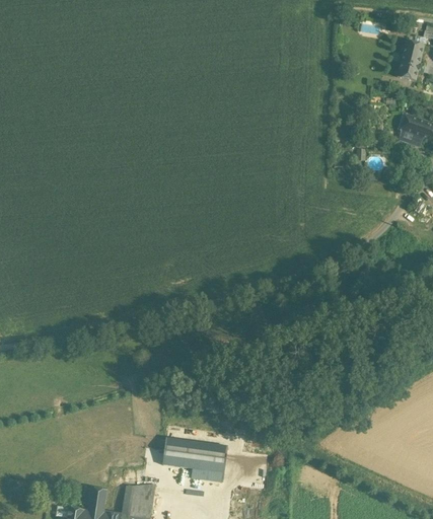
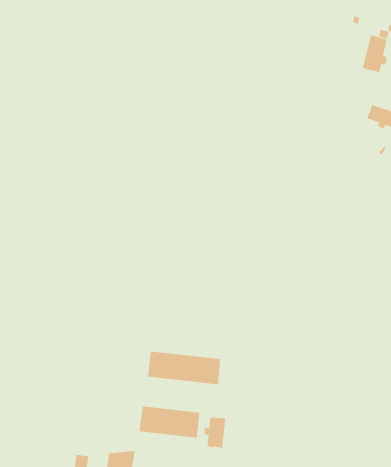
building: none -> [148,351,220,385]
building: none -> [204,417,226,449]

